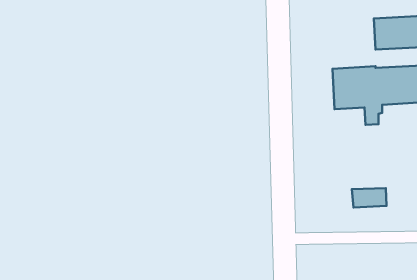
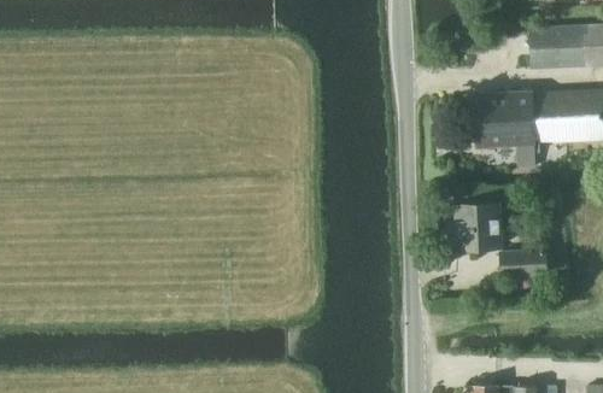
building: none -> [456,204,502,248]

